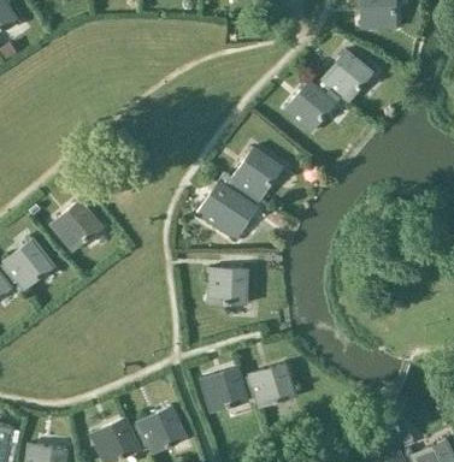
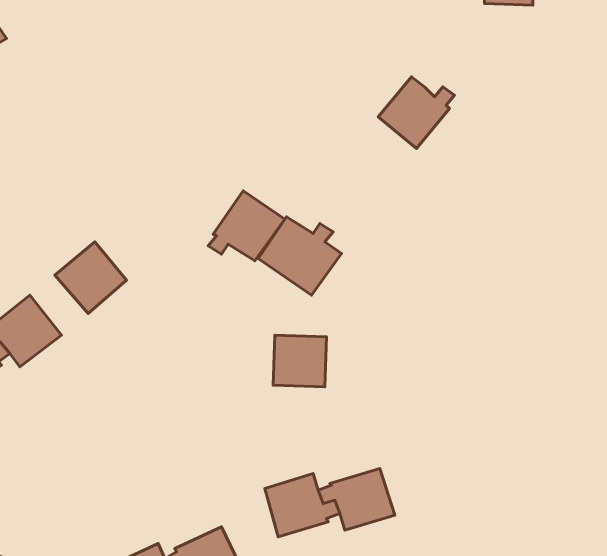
building: [317,51,372,102] -> none
building: [226,148,282,199] -> [208,191,285,261]

